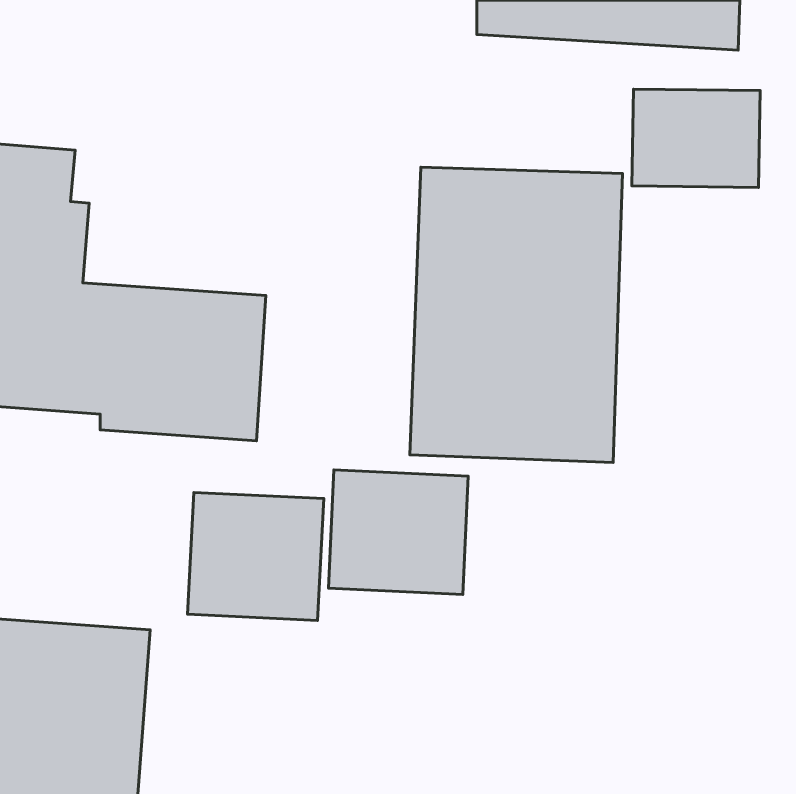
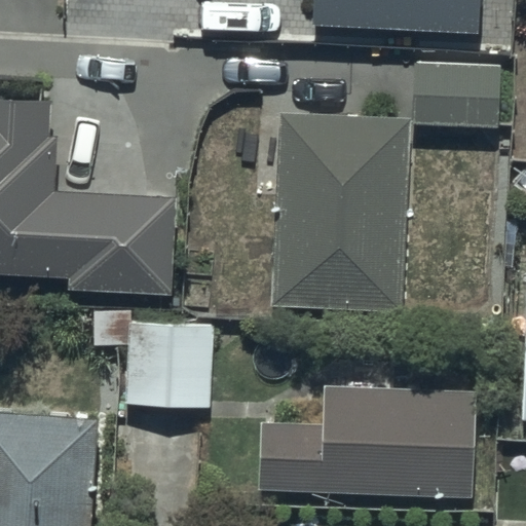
building: [329,470,468,595] -> none
building: none -> [257,390,475,490]

